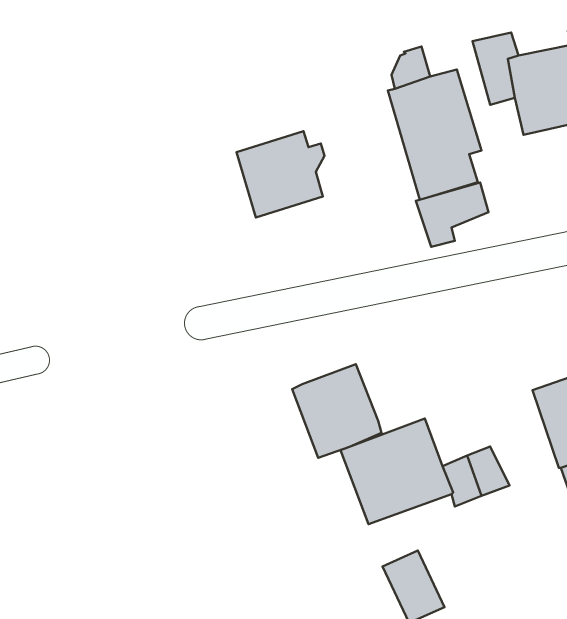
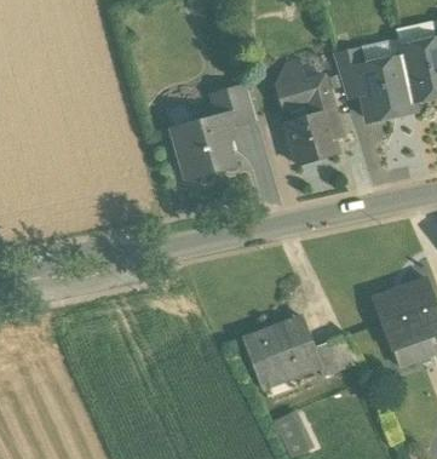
building: none -> [212,87,257,128]
building: [416,182,489,247] -> none
building: [292,364,381,458] -> none

